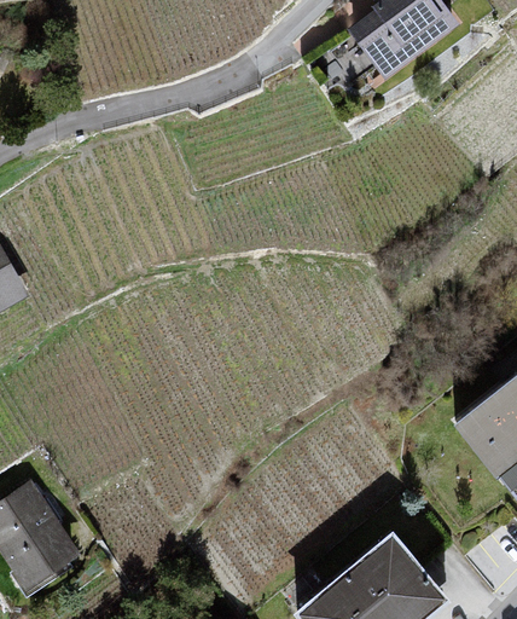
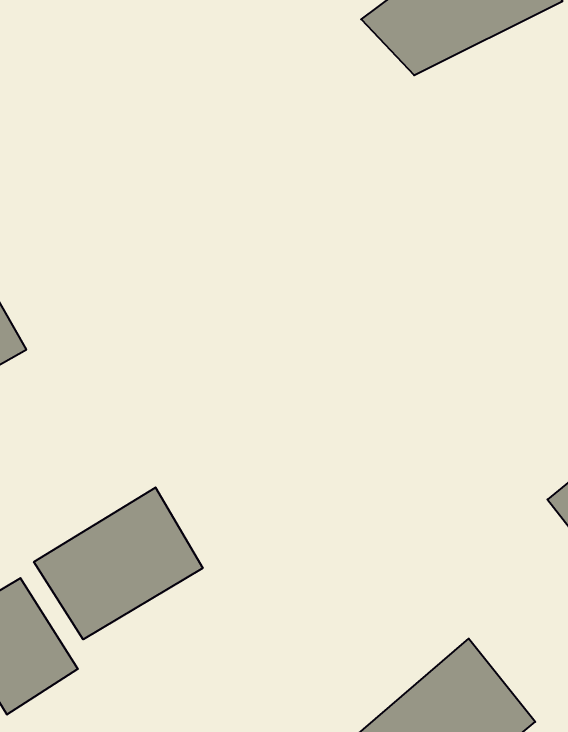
building: none -> [34,487,203,639]

